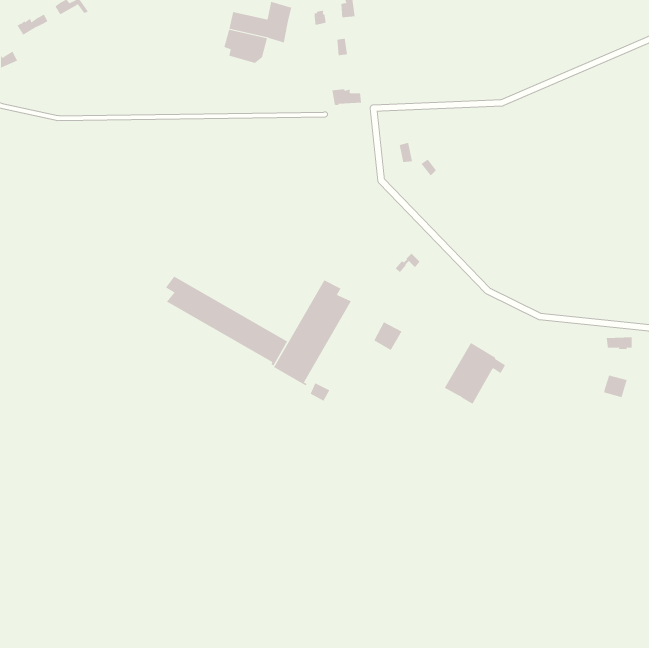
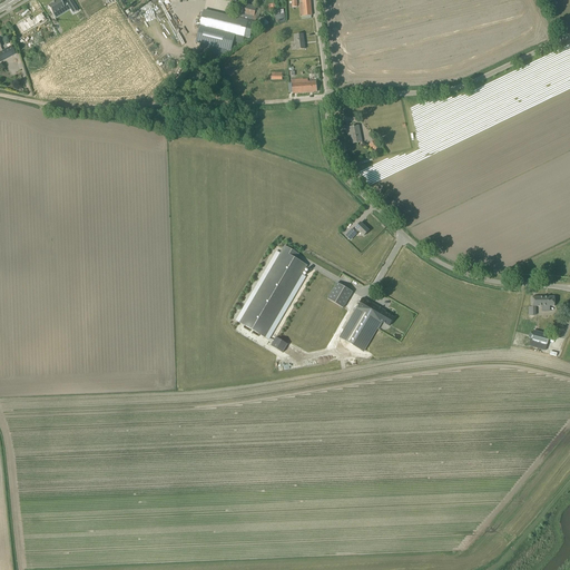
building: [165,276,288,366] -> none
building: [444,342,506,404] -> [340,297,394,352]

